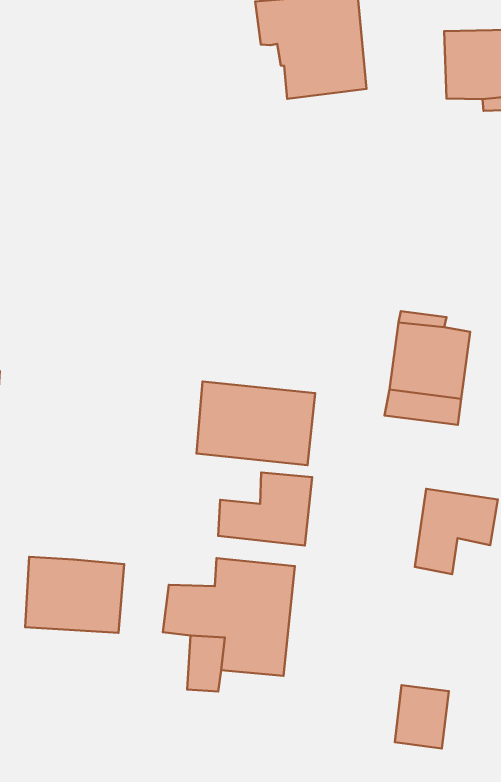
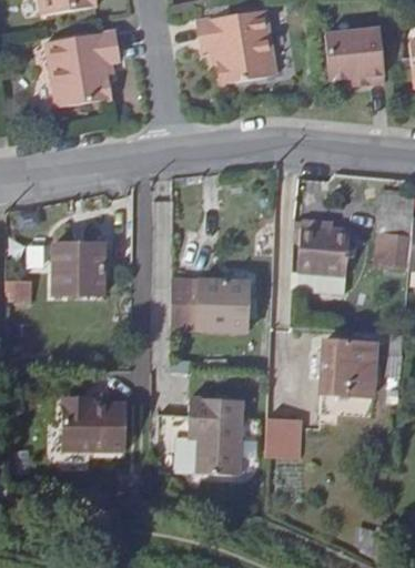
building: none -> [51,30,123,106]
building: none -> [55,244,107,296]
building: [218,472,312,545] -> none
building: [395,685,449,748] -> [266,419,301,460]

